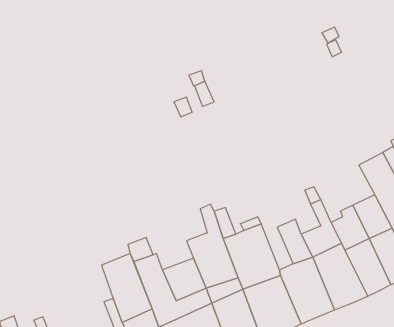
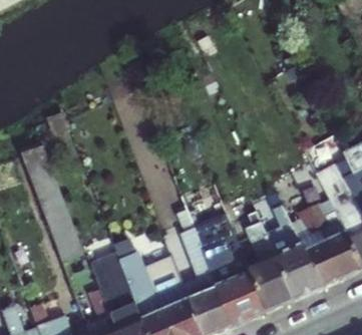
building: none -> [21,145,82,261]

